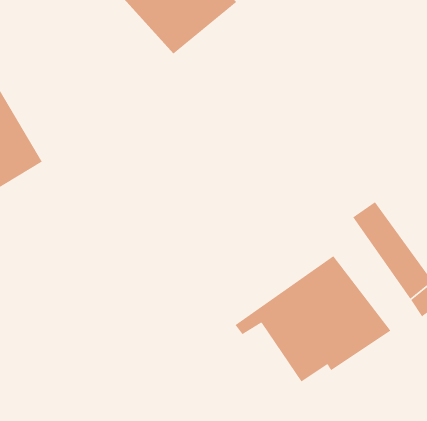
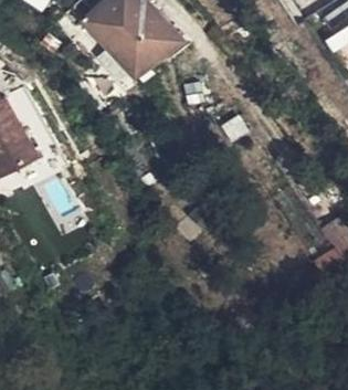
building: [234,255,391,382] -> none

